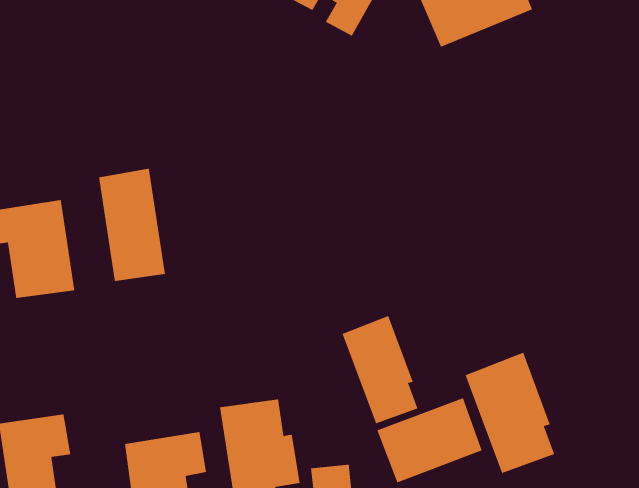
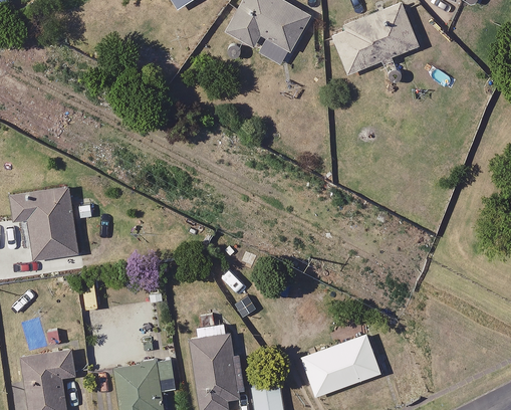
building: [98,168,166,282] -> none
building: [342,315,418,424] -> none
building: [465,352,555,474] -> none

